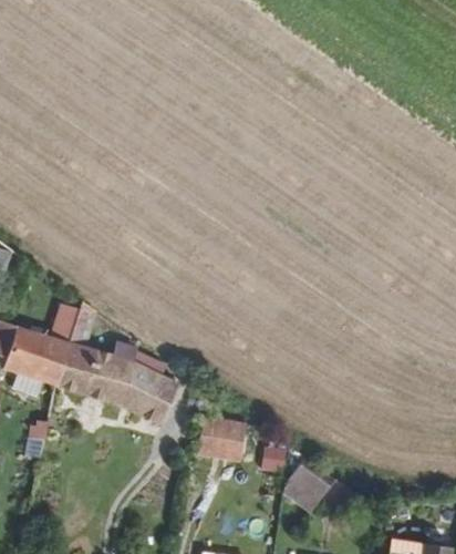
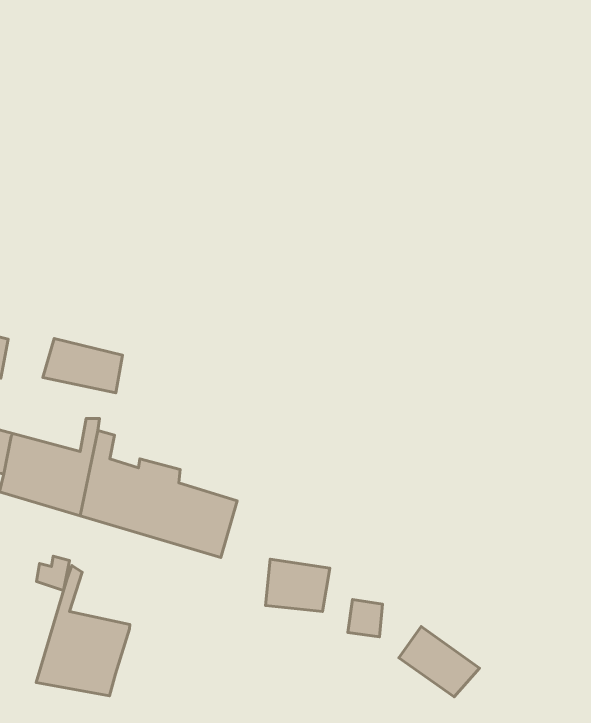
building: none -> [43,338,123,393]
building: none -> [36,566,130,696]

